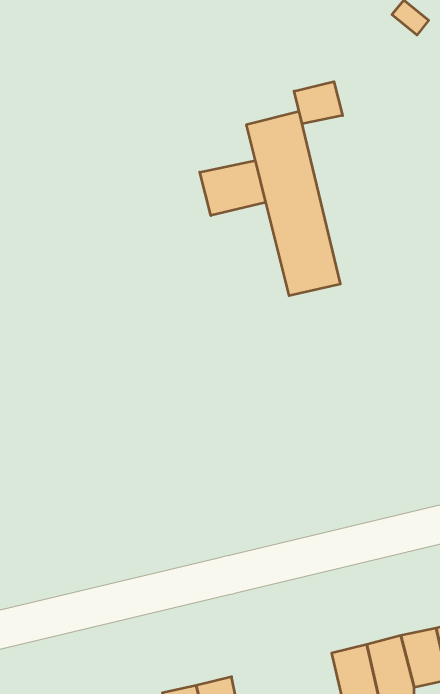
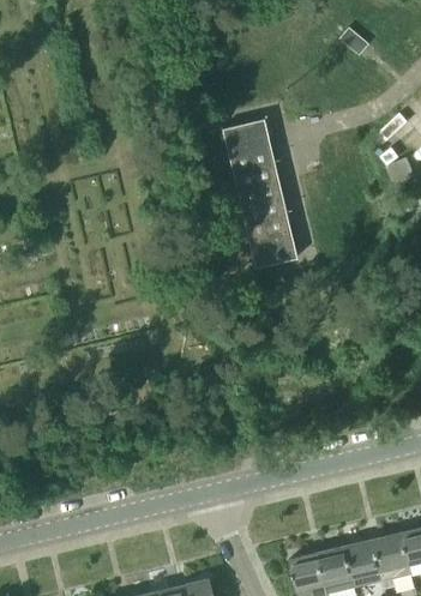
building: [294,82,343,124] -> none
building: [200,161,266,216] -> none

